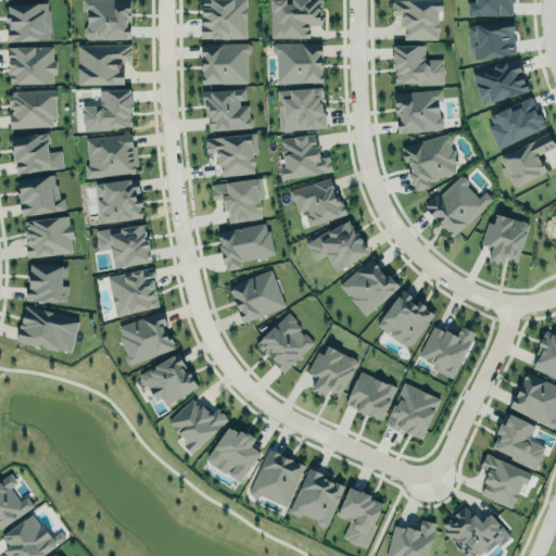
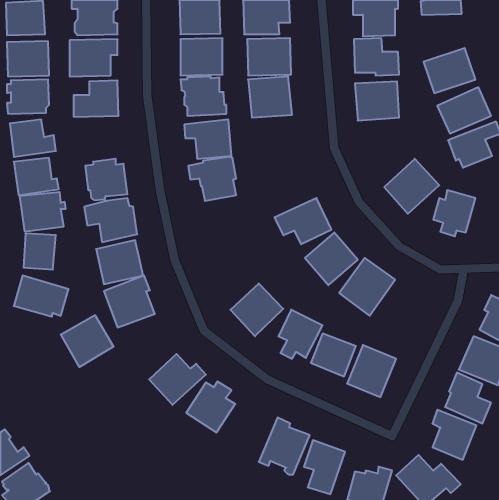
building: [468,21,518,61] -> none
building: [88,134,140,177] -> none
building: [279,134,331,176] -> none
building: [404,136,456,191] -> none
building: [291,178,345,227] -> none
building: [216,219,275,269] -> none
building: [229,270,287,325] -> none
building: [418,326,476,377] -> none
building: [141,353,200,410] -> [61,315,114,367]
building: [251,450,305,508] -> none

